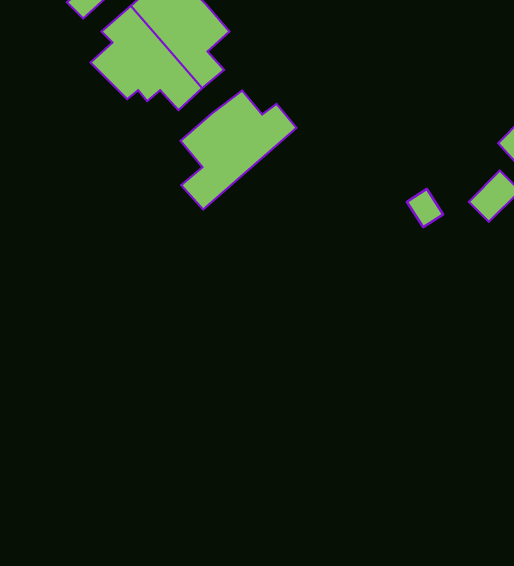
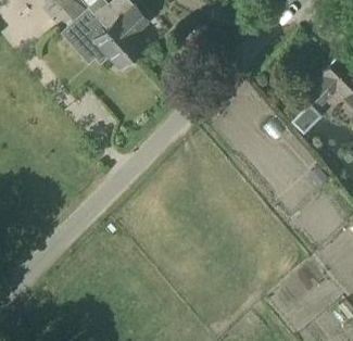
building: [181,90,296,210] -> none

